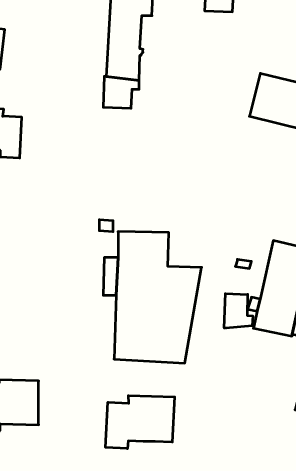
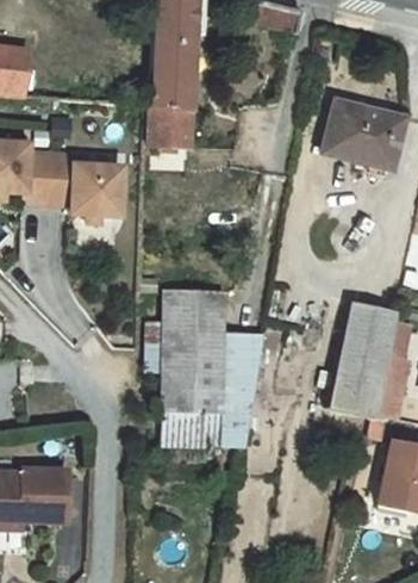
building: none -> [48,154,123,216]
building: [224,294,253,328] -> none
building: [106,396,175,449] -> none

